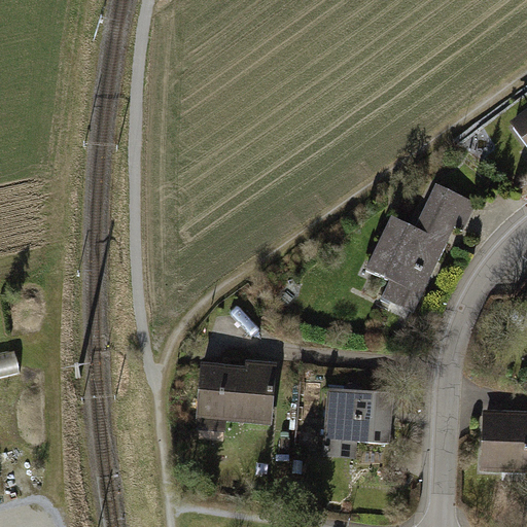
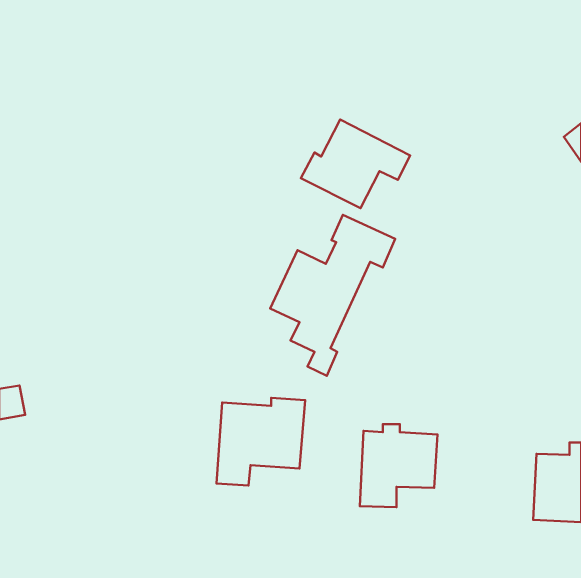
building: none -> [301,119,410,208]
building: [363,184,477,329] -> [270,215,395,376]

